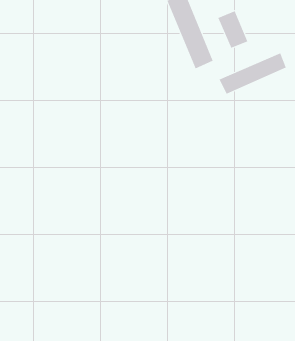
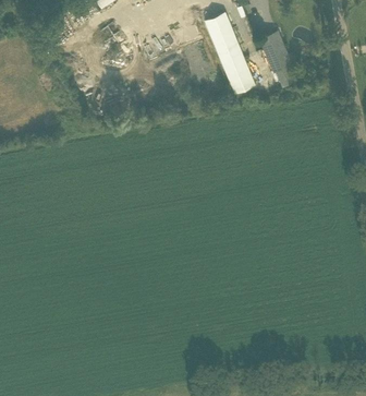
building: [219,52,287,95] -> none

